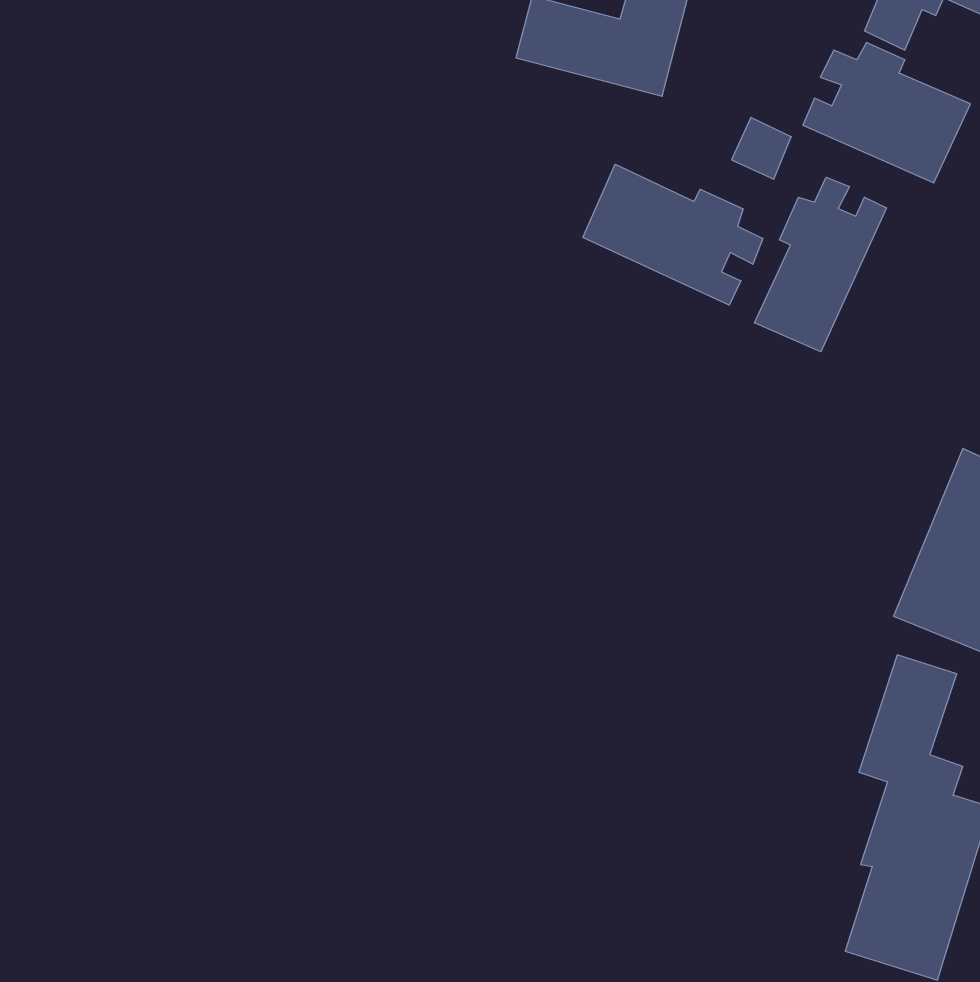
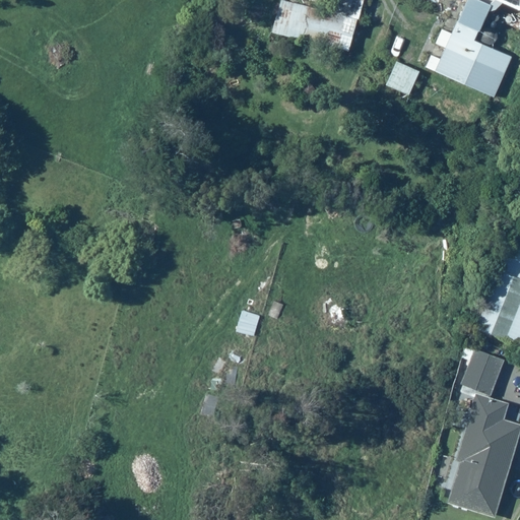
building: [583,164,763,305] -> none
building: [754,177,886,352] -> none

